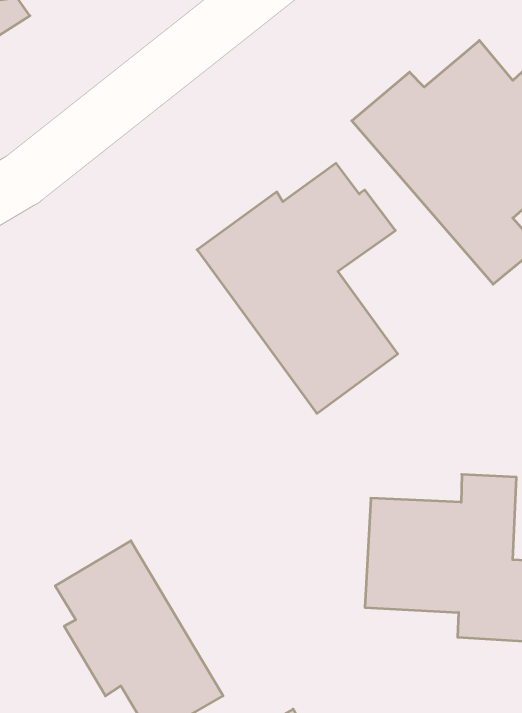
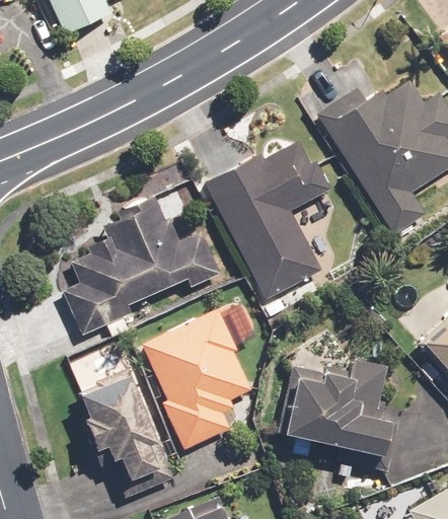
building: none -> [60,192,222,338]
building: none -> [137,307,255,450]

